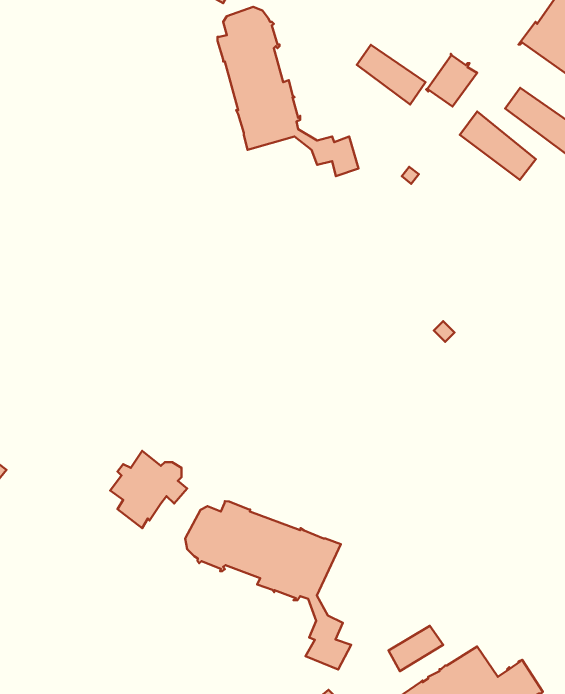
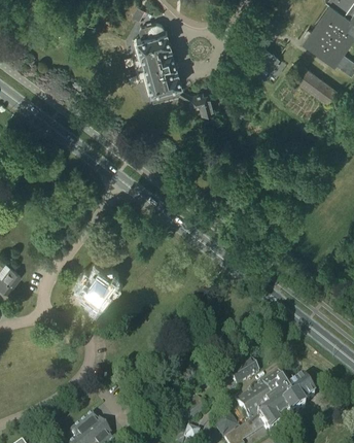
building: [357,45,425,104] -> none
building: [460,112,536,180] -> none
building: [185,501,351,669] -> none

